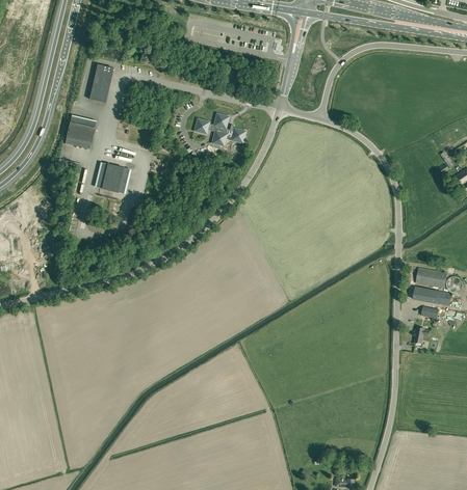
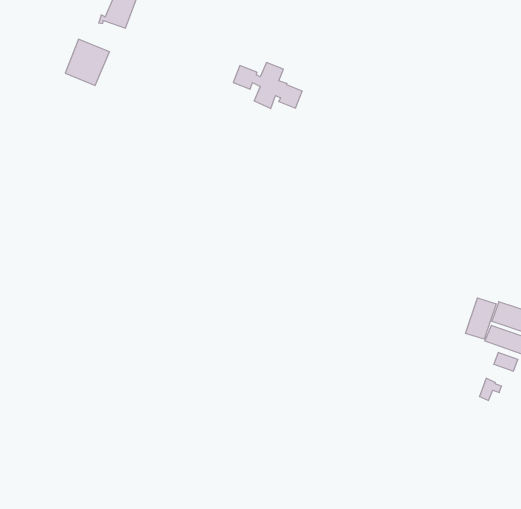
building: [95,160,130,192] -> none
building: none -> [466,298,496,339]

